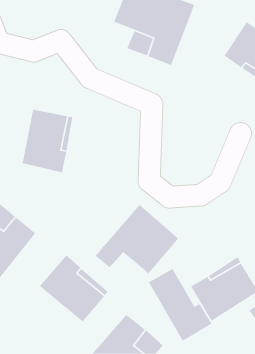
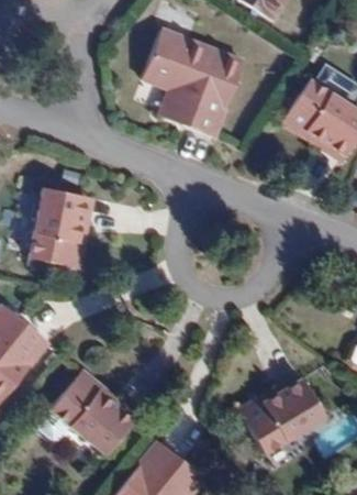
building: [94,204,179,275] -> none
building: [148,268,212,342] -> none

